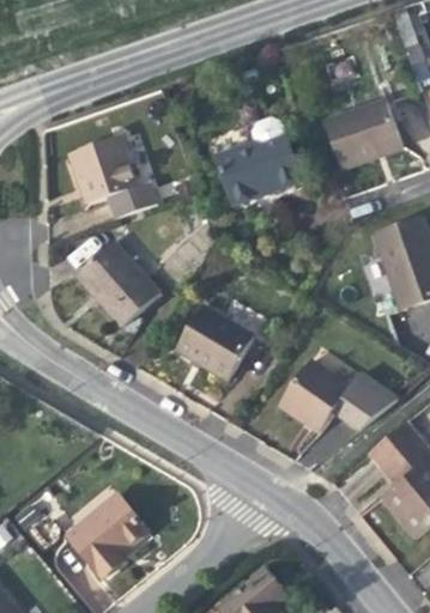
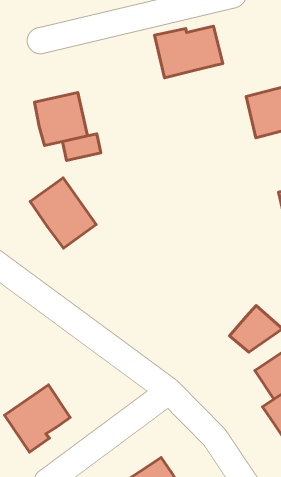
building: [216,136,302,205] -> [155,26,223,78]
building: [176,305,254,380] -> none
building: [279,359,351,432] -> none

